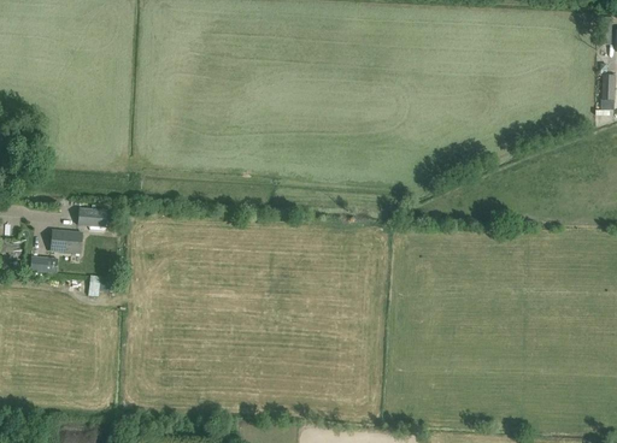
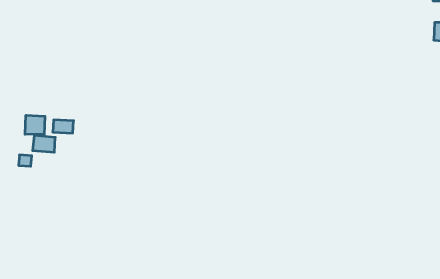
building: none -> [25,115,45,135]

